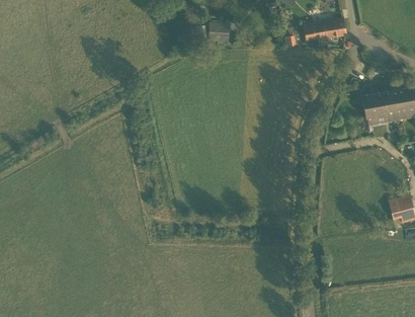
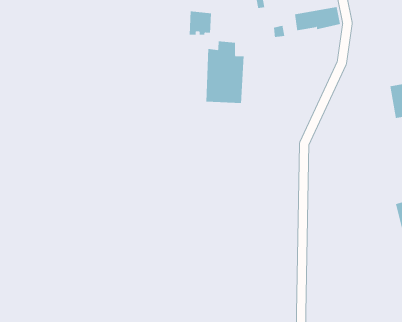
building: none -> [206,41,244,104]
building: [361,91,396,123] -> none

